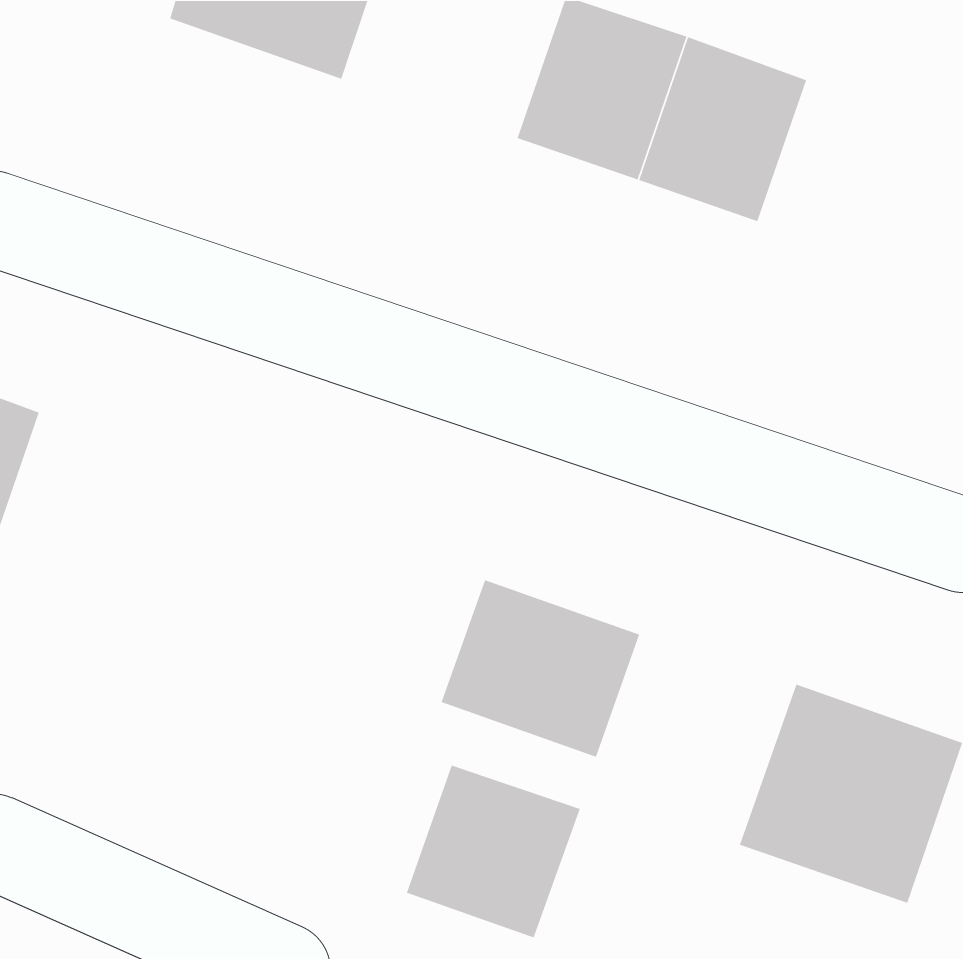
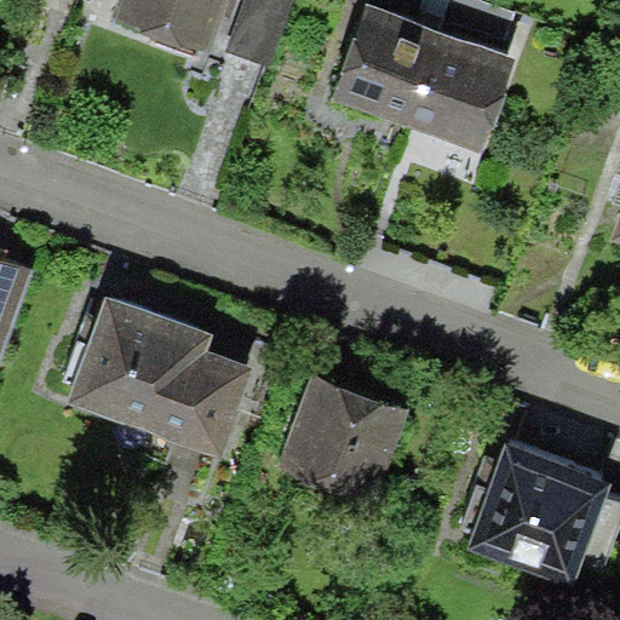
building: none -> [68,298,259,457]
building: [406,765,581,938] -> none

